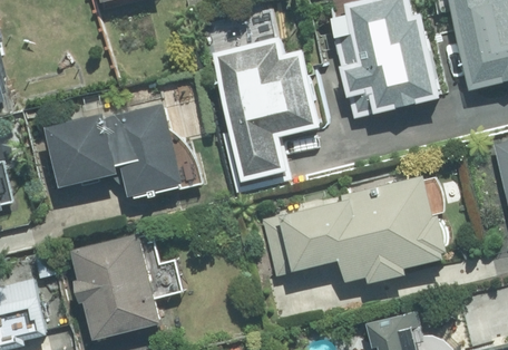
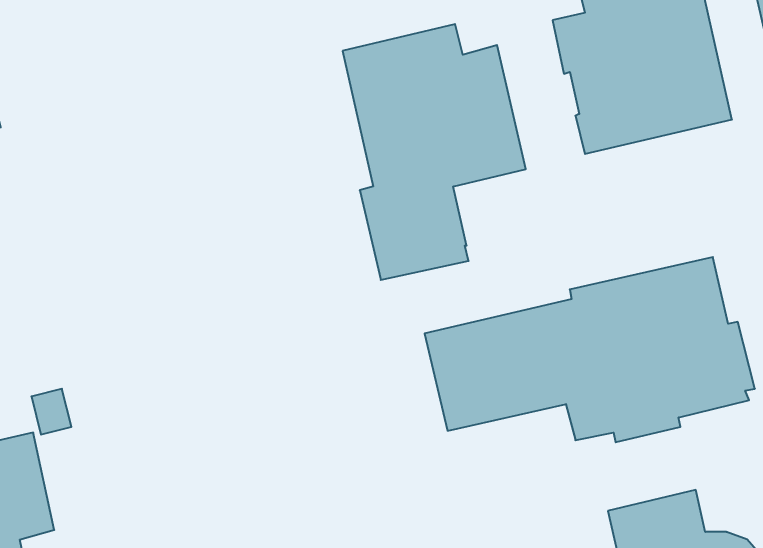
building: [47,101,187,196] -> none
building: [74,231,166,339] -> none

